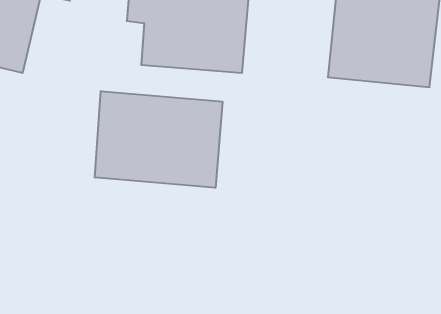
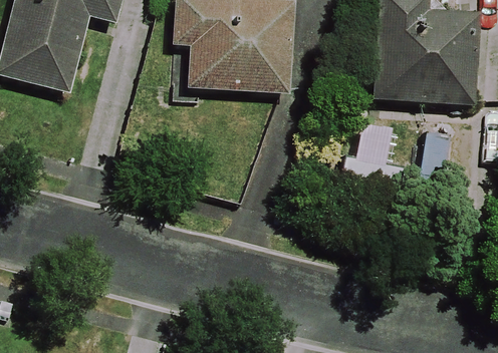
building: [95,91,222,188] -> none

